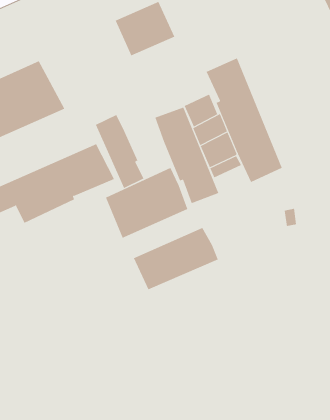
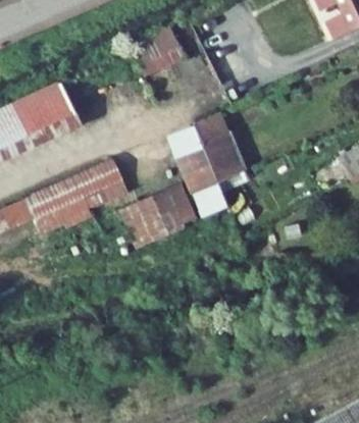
building: [206,58,283,183] -> none
building: [95,114,144,189] -> none
building: [133,227,219,290] -> none

